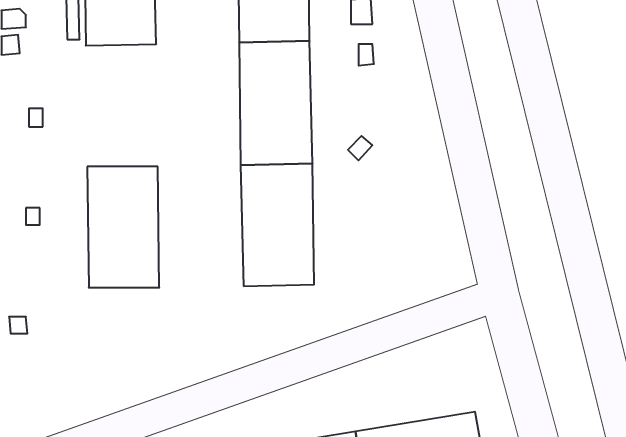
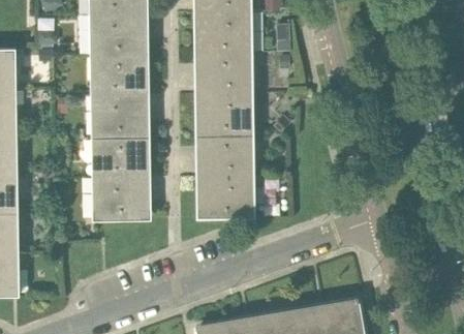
building: none -> [97,55,146,138]

